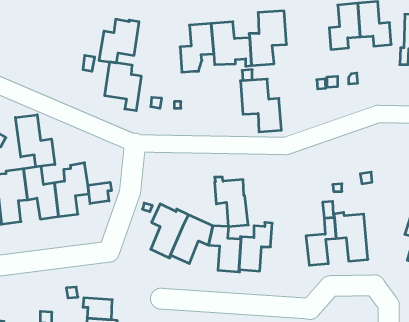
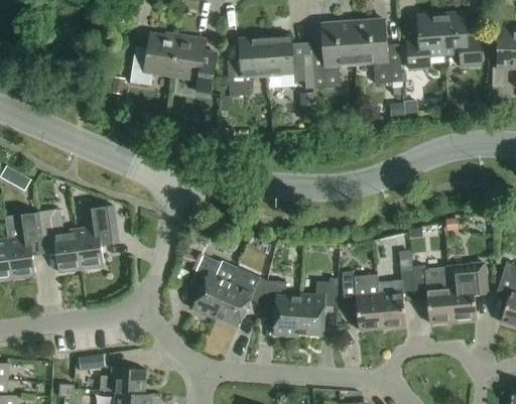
building: [105,62,141,111] -> [171,35,216,94]
building: [240,79,281,132] -> [352,20,401,84]
building: [15,115,55,167] -> none
building: [215,177,248,227] -> [342,270,382,329]
building: [88,182,111,204] -> none
building: none -> [447,263,485,320]

